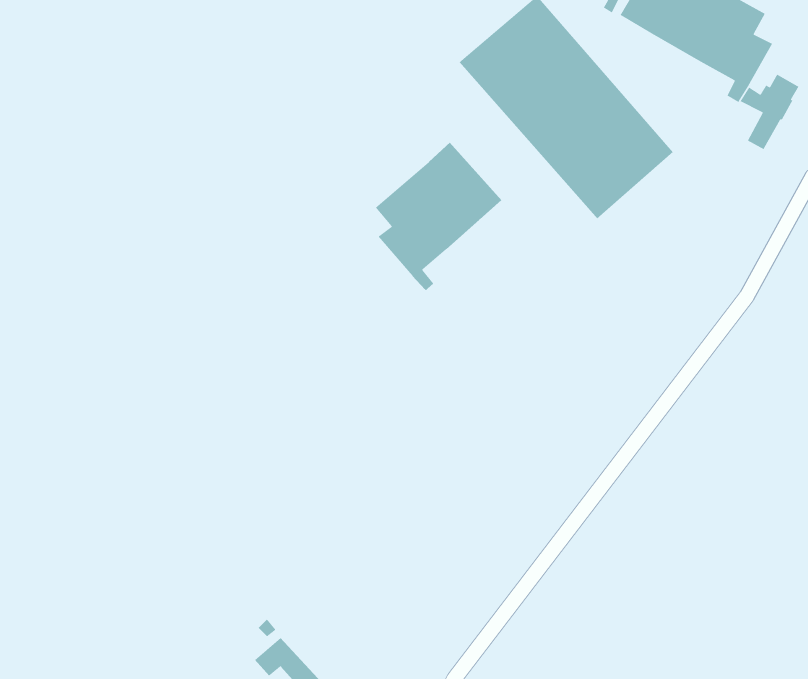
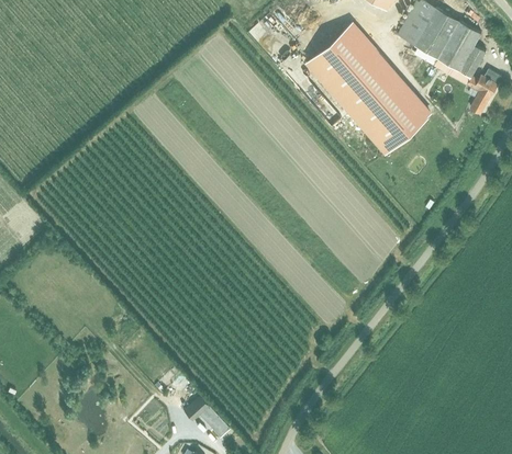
building: [375,142,502,291] -> none

